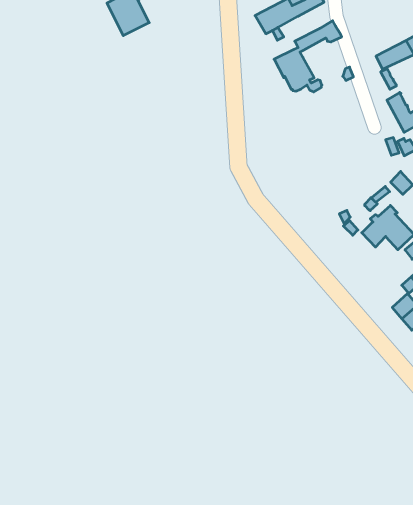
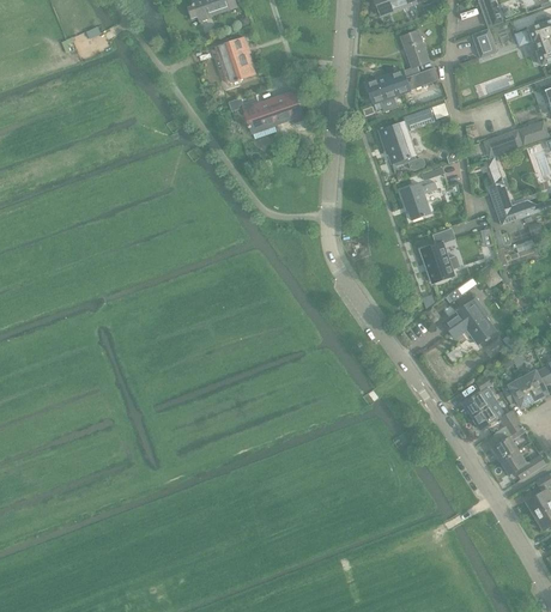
building: none -> [228,90,302,138]
building: none -> [399,181,436,219]
building: none -> [420,228,459,281]

